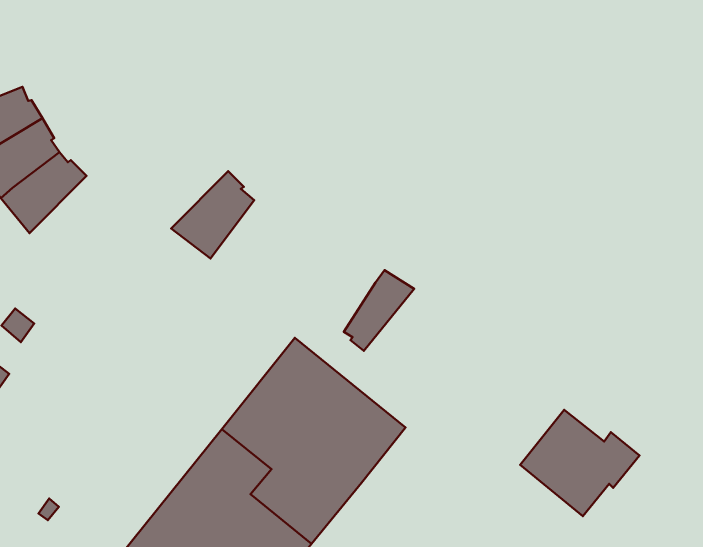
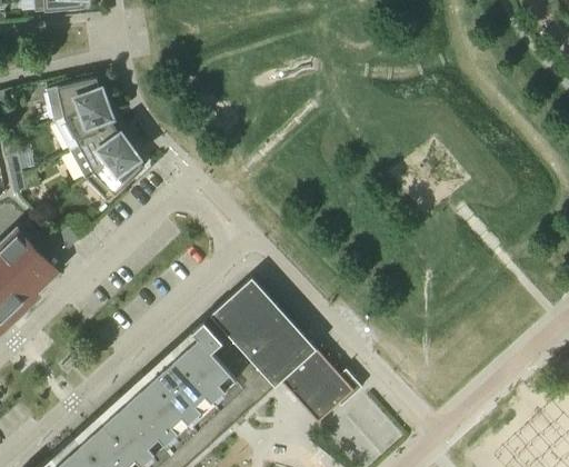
building: [171,171,254,259] -> [86,145,144,201]
building: [344,270,414,351] -> none
building: [520,410,639,516] -> [281,348,362,421]

